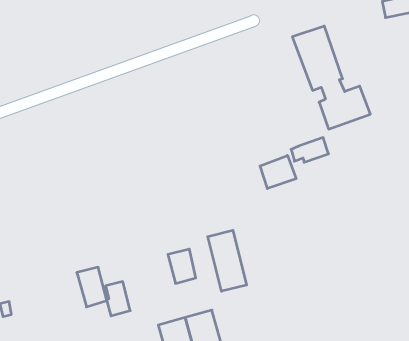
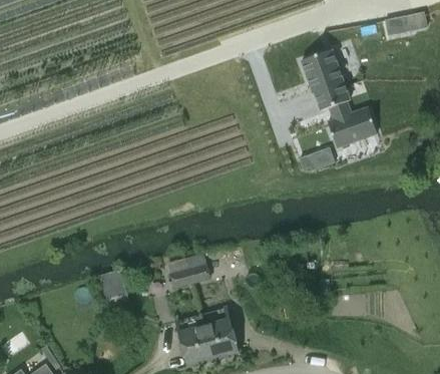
building: [260,155,296,189] -> none
building: [208,230,247,291] -> none
building: [106,282,130,316] -> [168,259,191,291]

